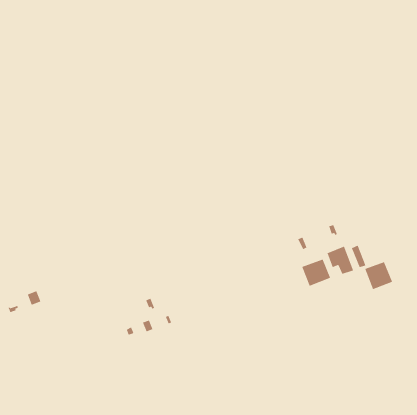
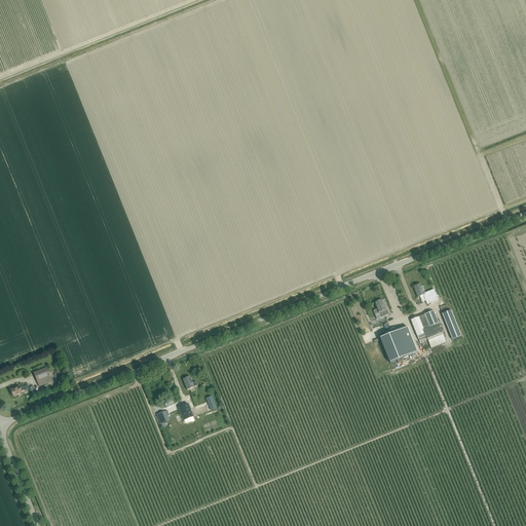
building: [364,261,393,290] -> none

